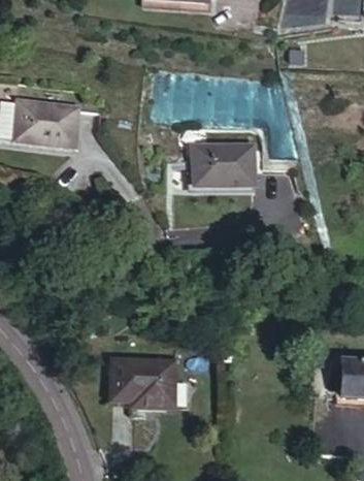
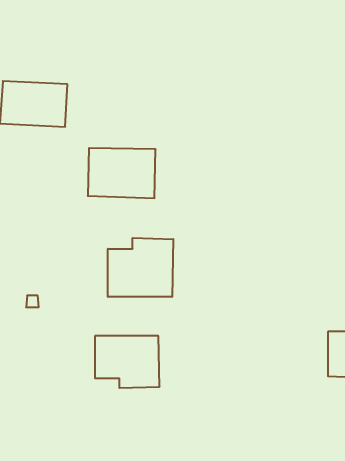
building: [193,139,259,188] -> [88,148,156,198]
building: none -> [108,238,173,297]

